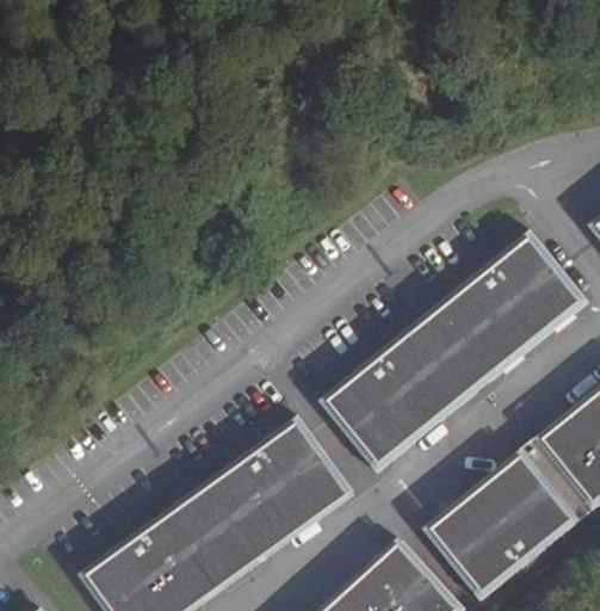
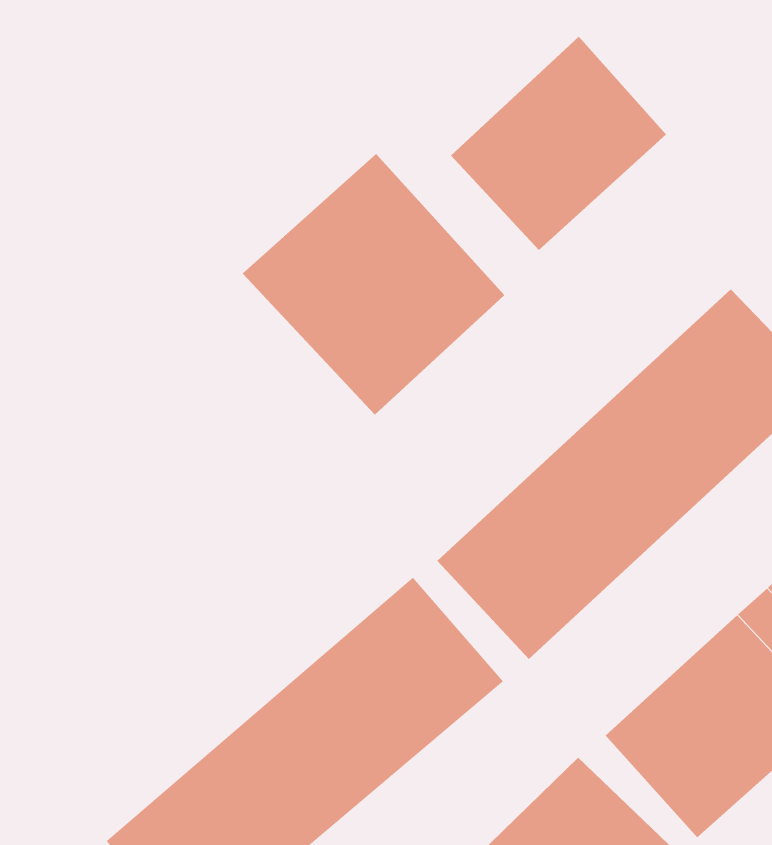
building: none -> [450,36,667,251]
building: none -> [242,153,505,416]

